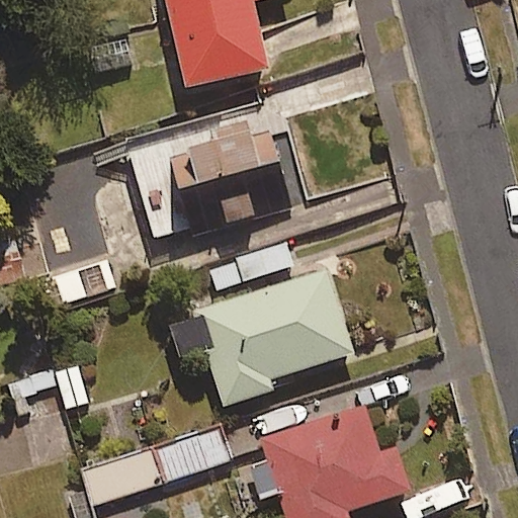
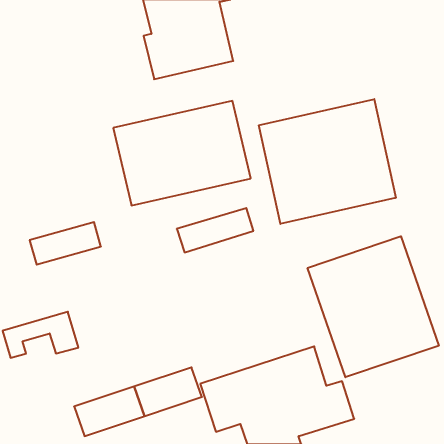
building: none -> [259,99,396,224]
building: [192,270,349,405] -> none
building: none -> [308,236,439,377]

